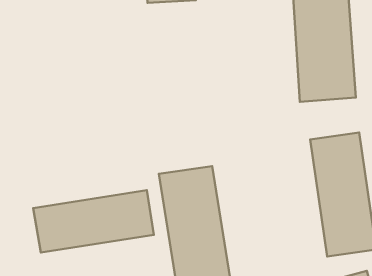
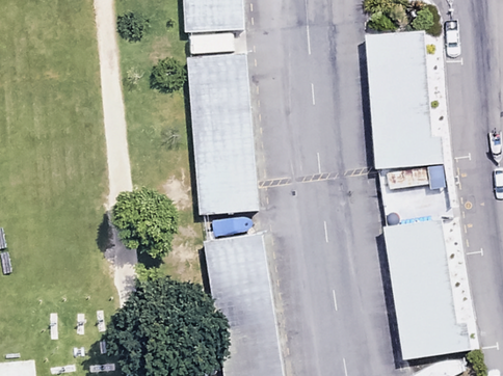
building: none -> [184,59,259,221]
building: [33,190,154,253] -> none

